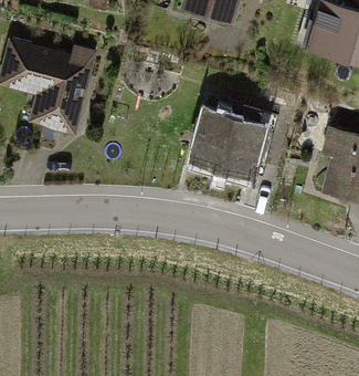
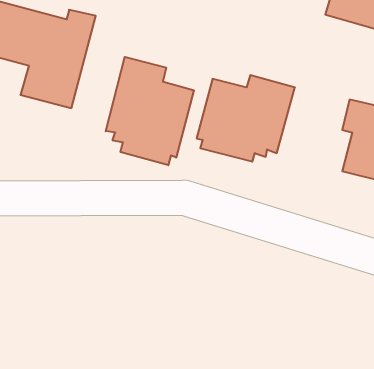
building: none -> [106,57,194,165]

